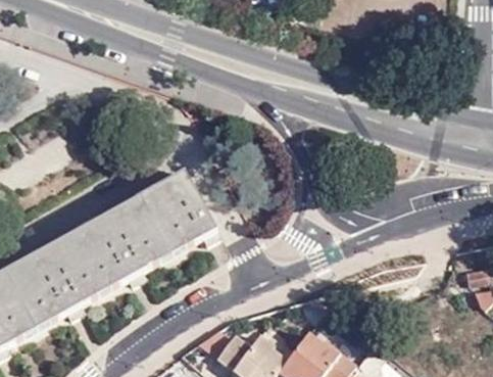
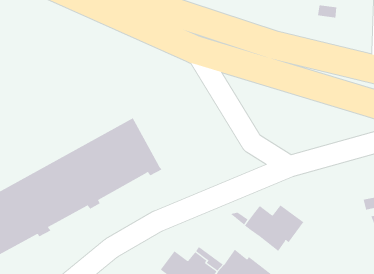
building: none -> [244,204,304,252]

